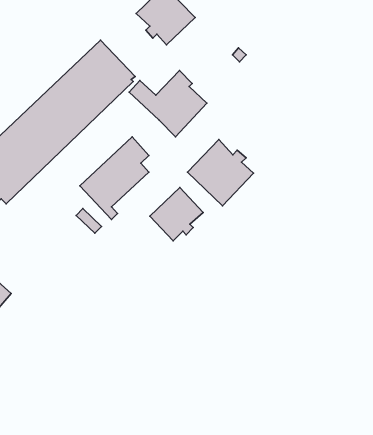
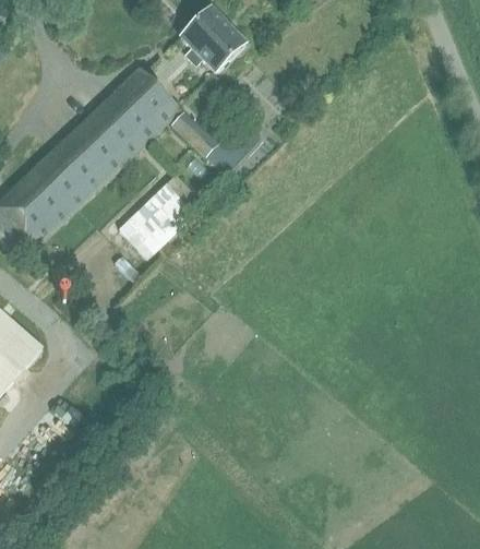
building: [187,139,254,206] -> none
building: [150,188,203,241] -> none

